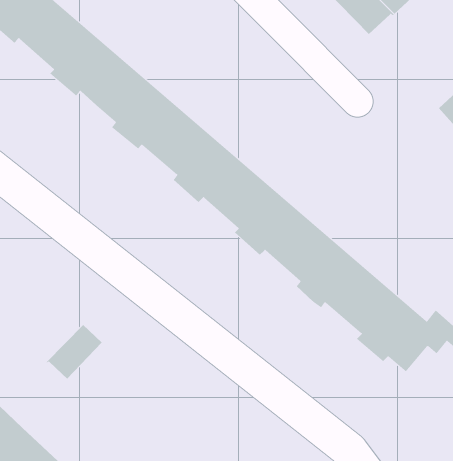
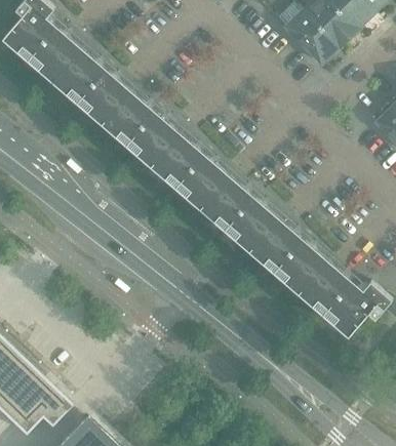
building: [46,324,103,379] -> none

